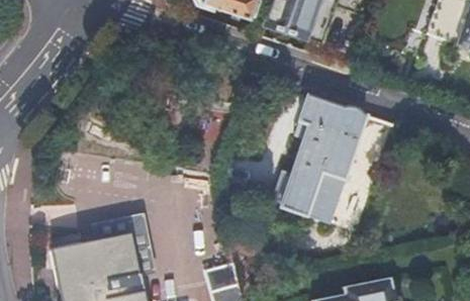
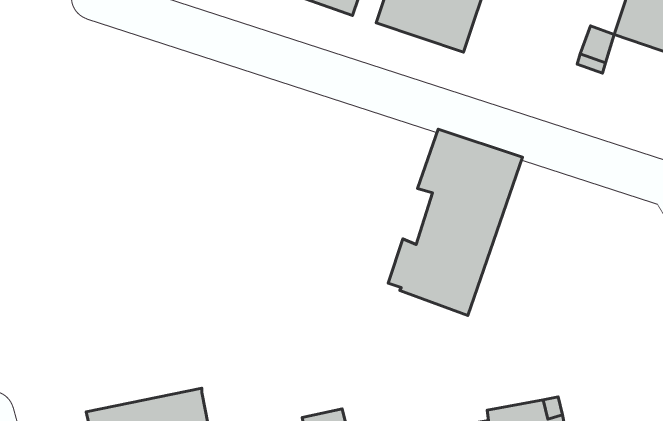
building: [59,213,164,289] -> none

